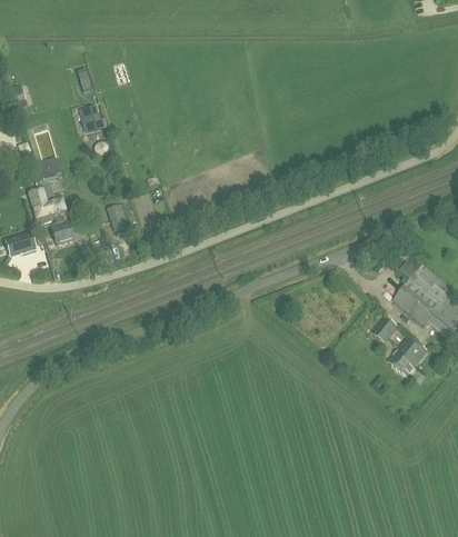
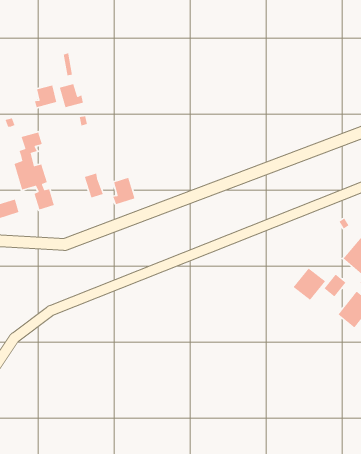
building: none -> [34,84,57,108]
building: none -> [112,177,135,205]
building: none -> [293,267,326,301]

